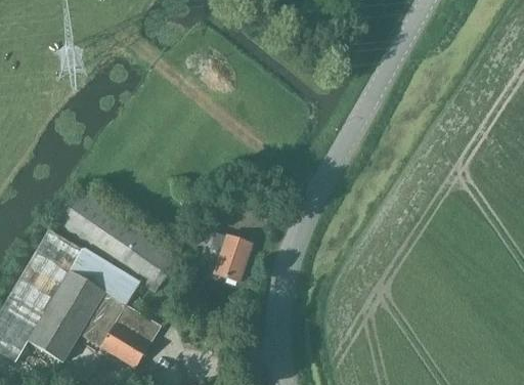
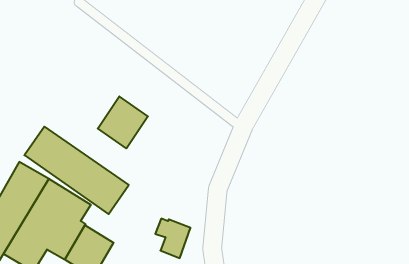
building: none -> [98,96,148,148]
building: [209,234,252,283] -> [155,219,191,258]

